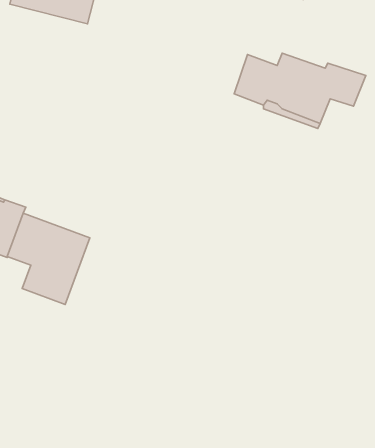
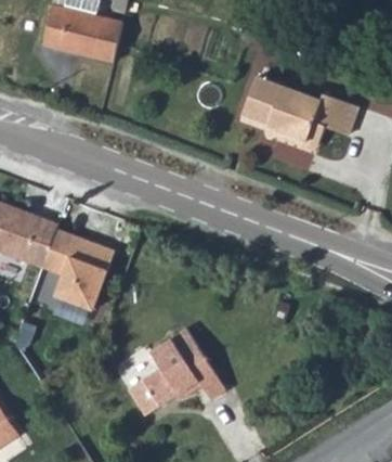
building: none -> [131,325,224,407]

